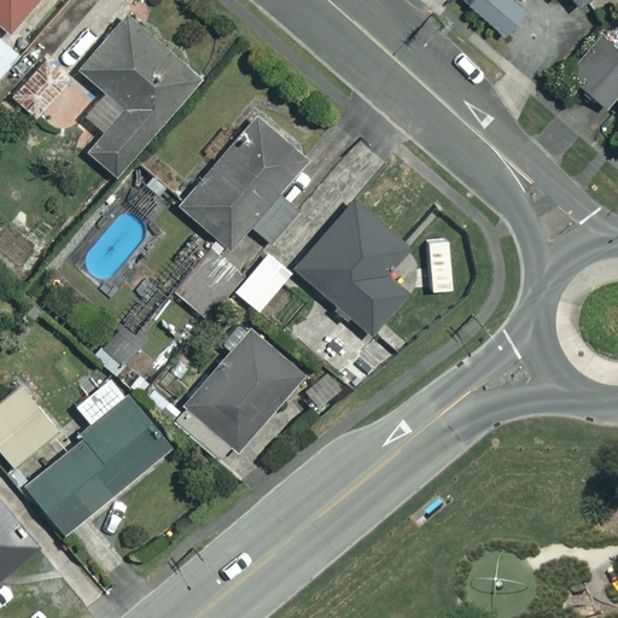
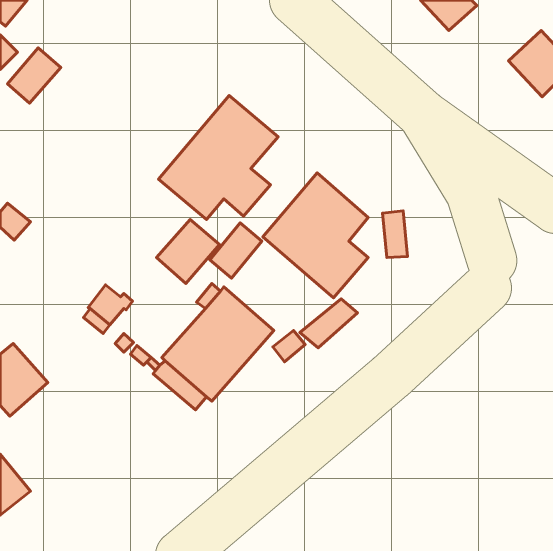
building: [80,18,199,180] -> none
building: [23,377,174,534] -> none

